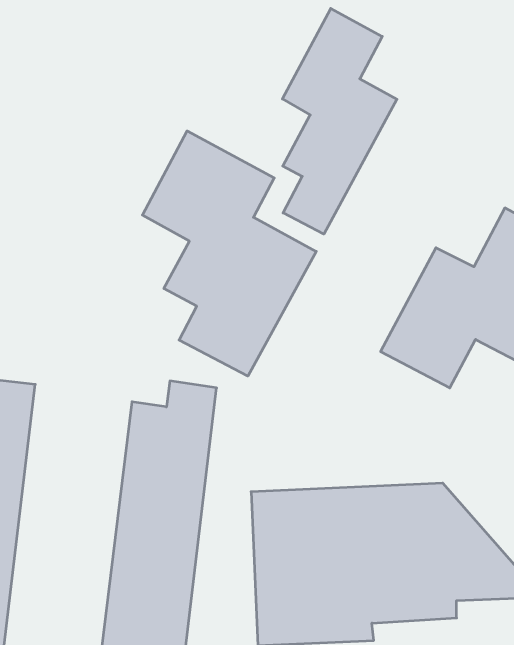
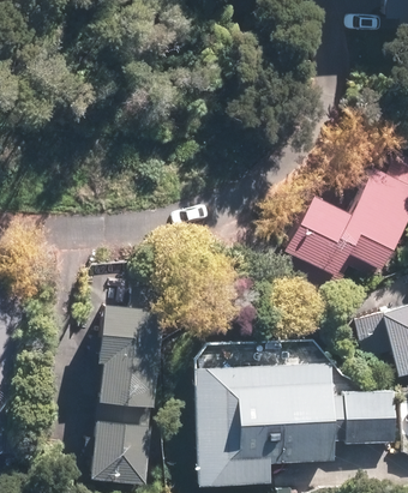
building: [282,8,397,234] -> none
building: [142,131,316,376] -> none

